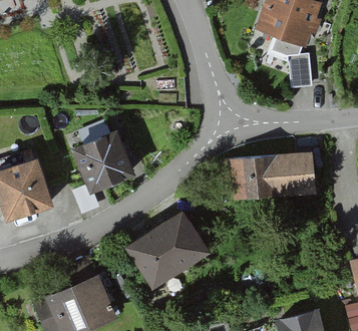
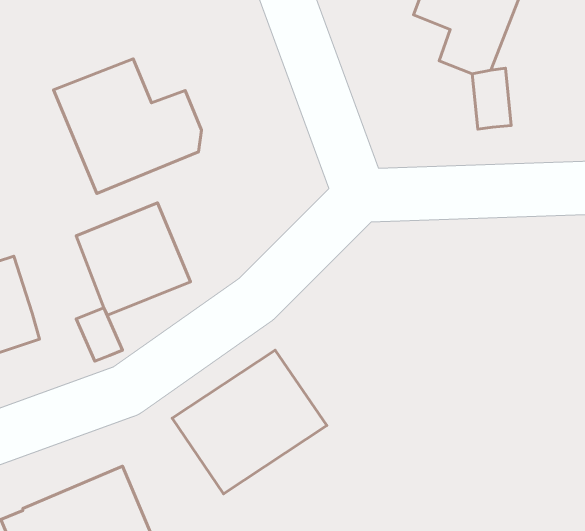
building: none -> [53,59,201,193]
building: [229,148,317,198] -> none

